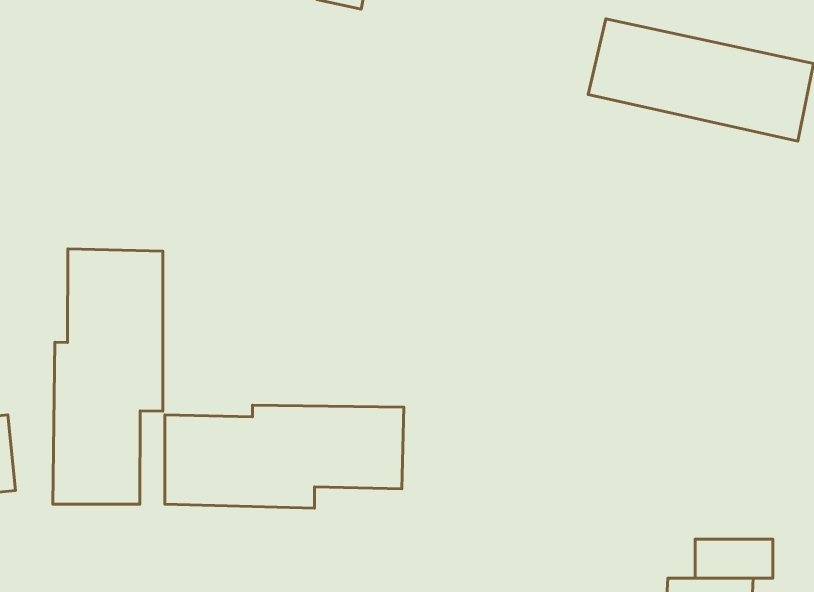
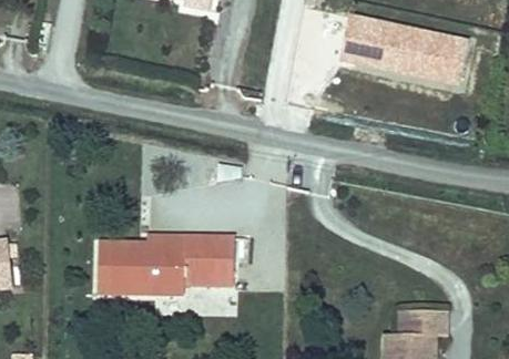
building: [53,249,163,504] -> none

